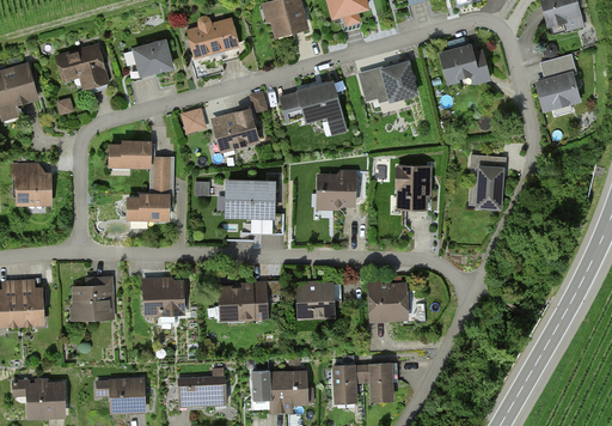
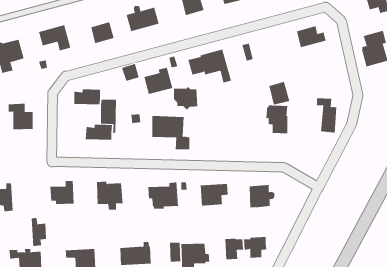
building: [384,62,416,98] -> [268,81,290,105]
building: [318,170,355,208] -> [173,85,198,111]
building: [18,280,42,323] -> [31,217,47,246]

